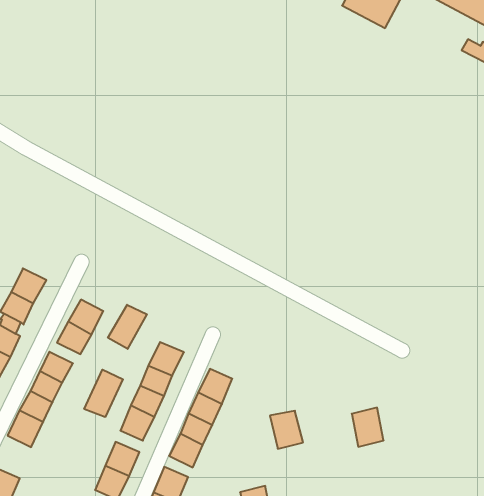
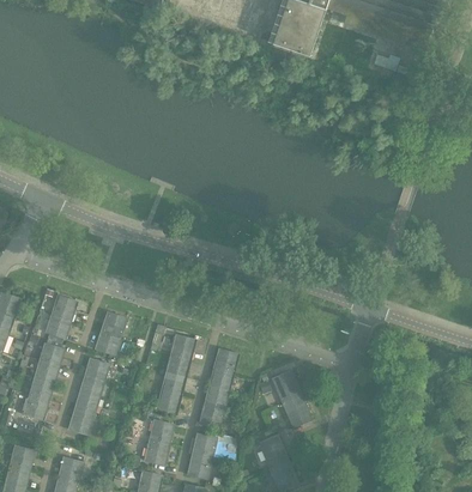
building: [108,305,147,349] -> none
building: [84,370,123,417] -> none
building: [352,408,384,447] -> [282,395,310,429]

